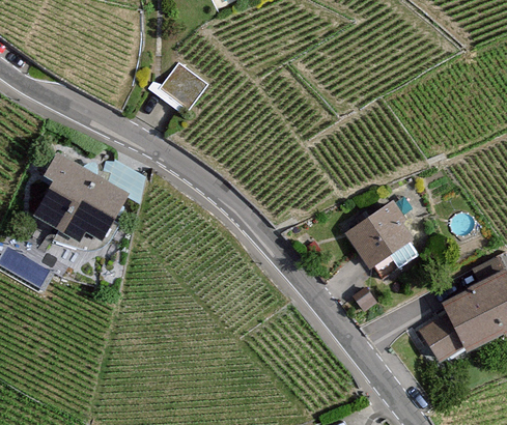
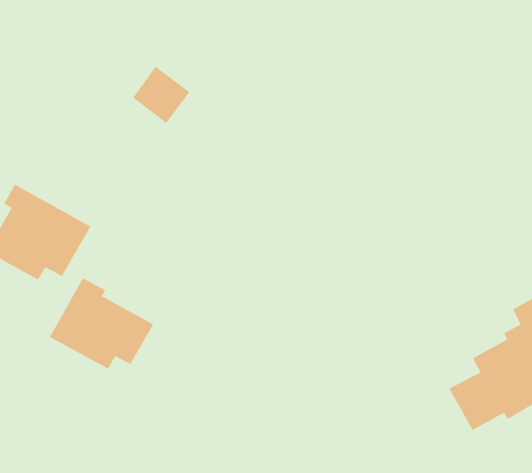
building: [351,205,418,281] -> none
building: none -> [49,277,154,369]

